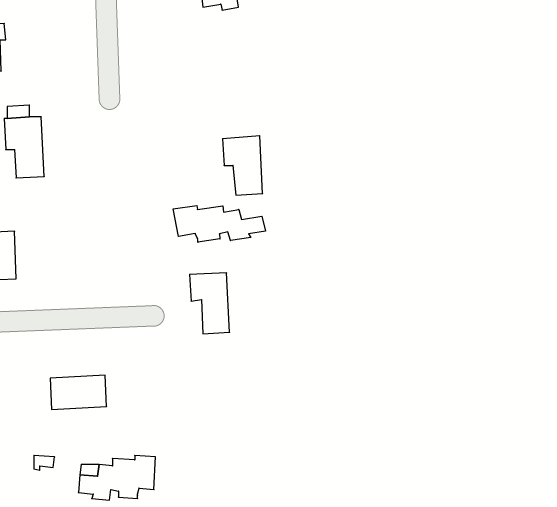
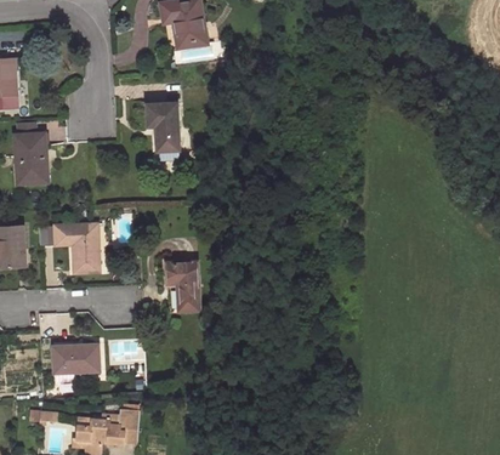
building: [223,136,263,195] -> [147,102,180,150]
building: [173,206,265,242] -> none
building: none -> [55,223,100,273]

